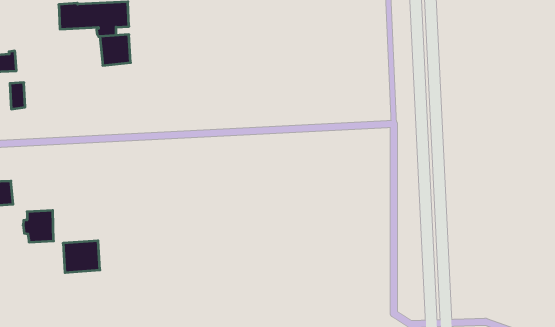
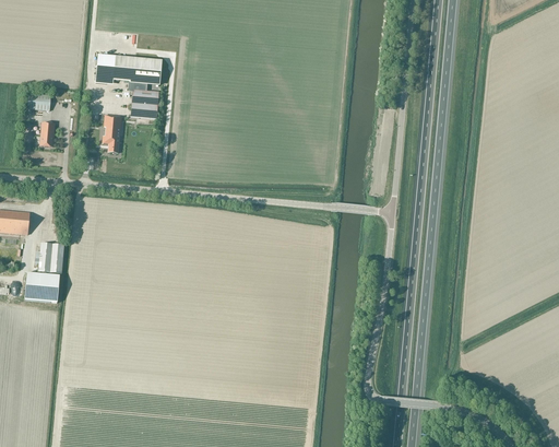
building: none -> [102,114,121,152]
building: [63,241,100,273] -> [24,271,59,301]

